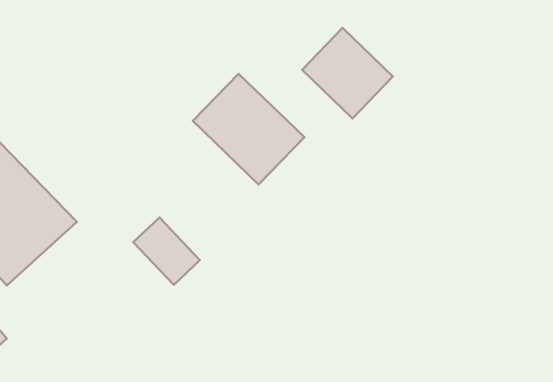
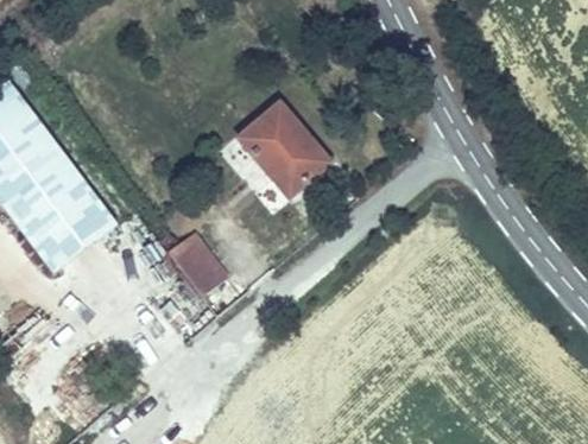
building: [302,28,393,118] -> none

